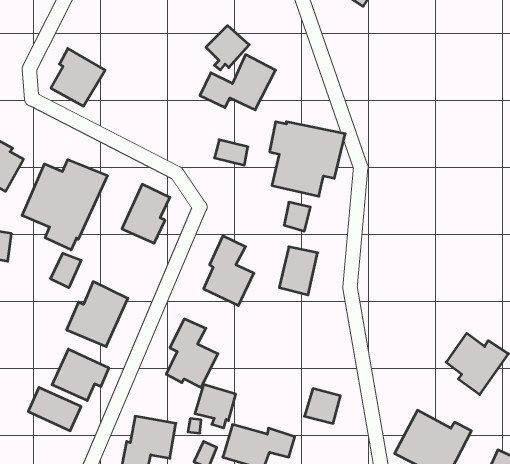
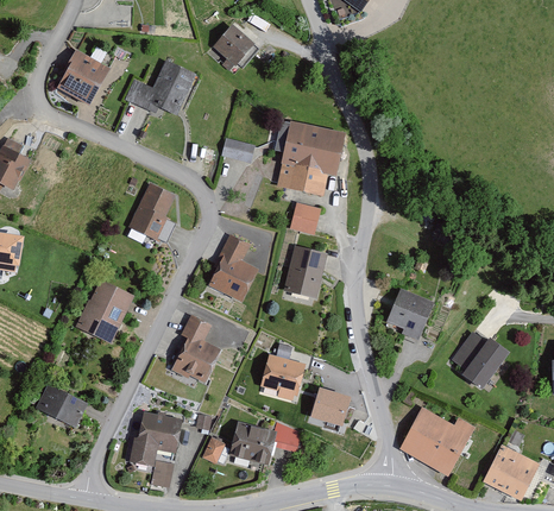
building: [200,55,276,110] -> [121,59,196,114]
building: [22,160,107,250] -> none
building: [51,253,81,288] -> none
building: none -> [386,290,435,341]
building: [52,349,109,401] -> none
building: [195,385,236,428] -> [259,353,300,396]

